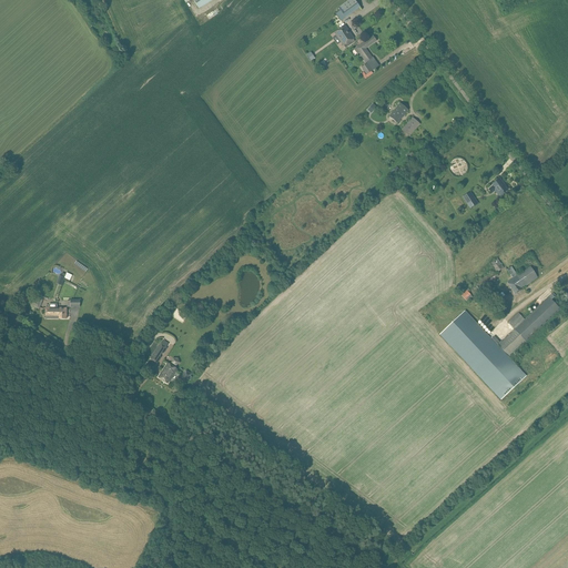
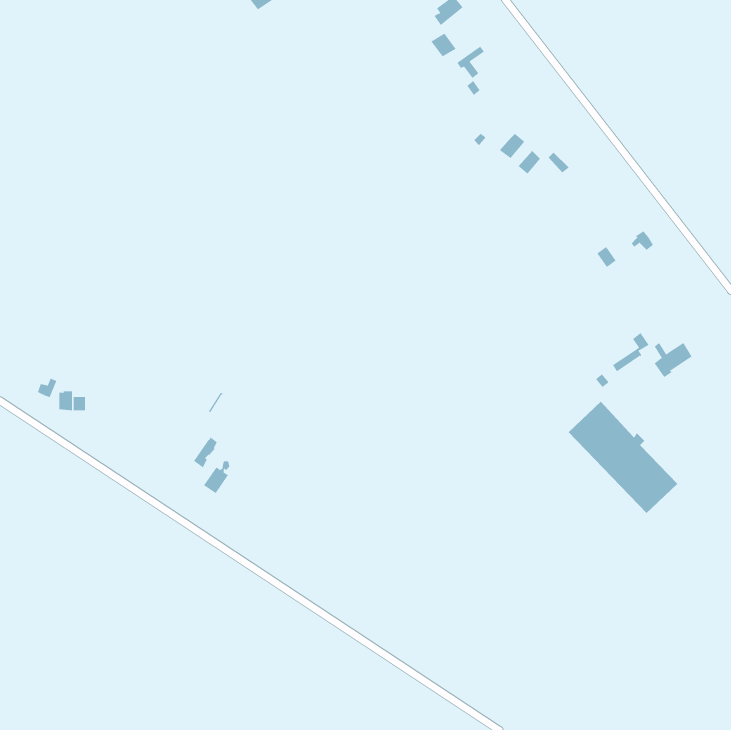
building: [498,293,560,356] -> none

